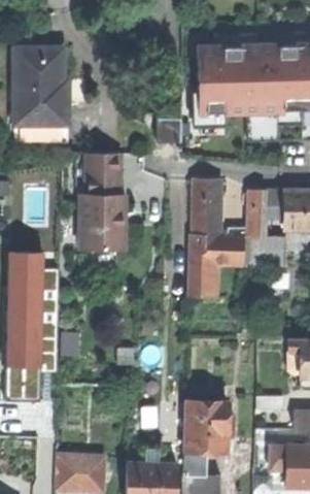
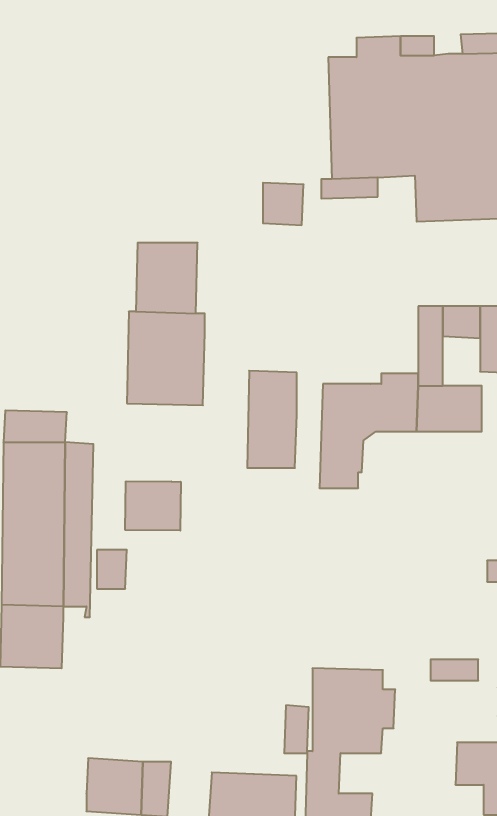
building: [14,47,67,141] -> none
building: [193,179,221,236] -> [247,371,297,468]
building: none -> [125,481,181,531]

